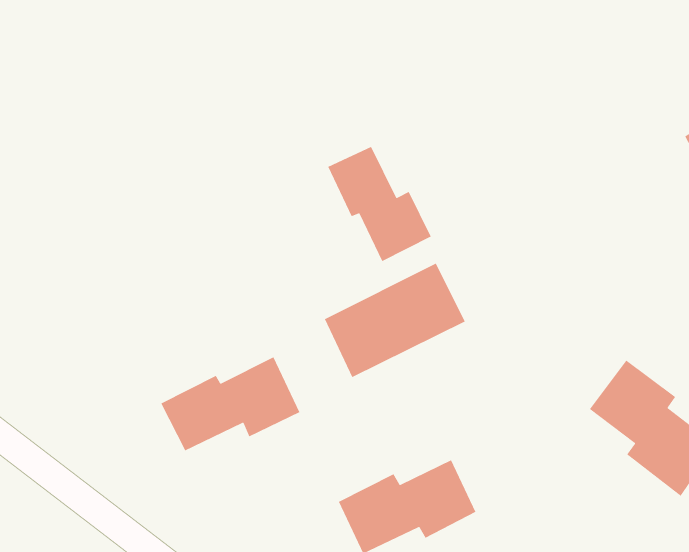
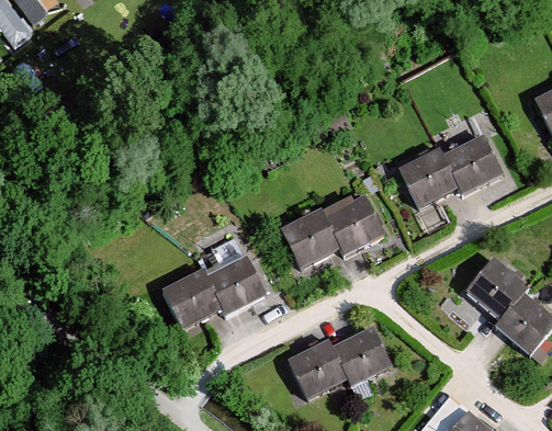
building: [327,146,432,262] -> none
building: none -> [397,135,503,211]

